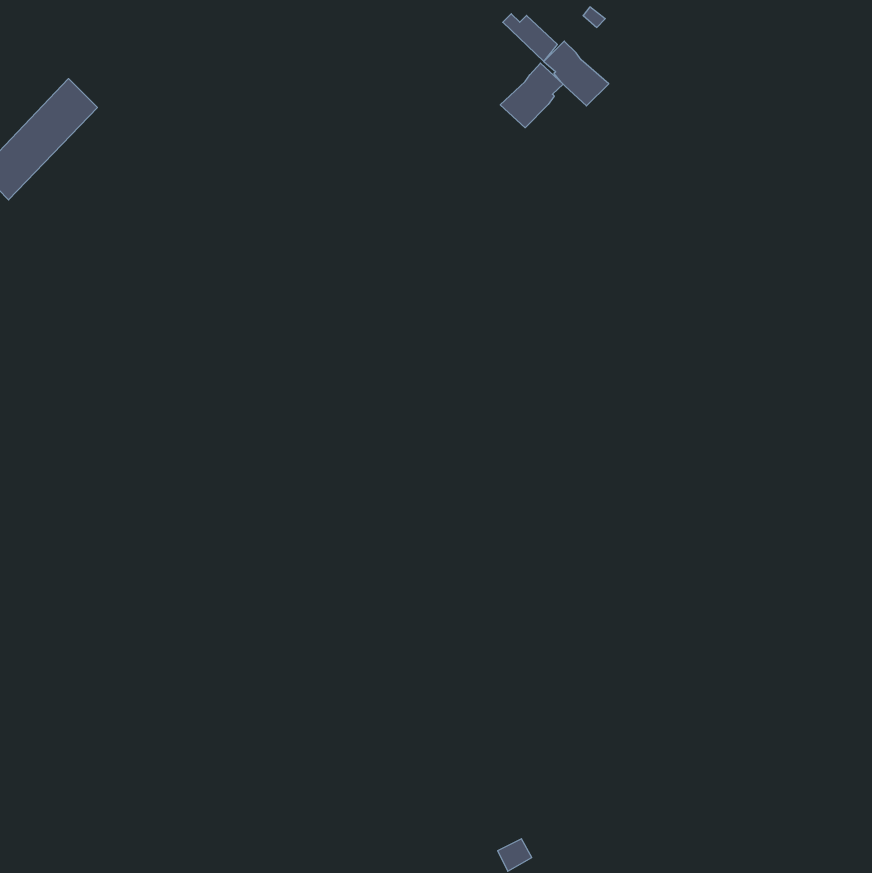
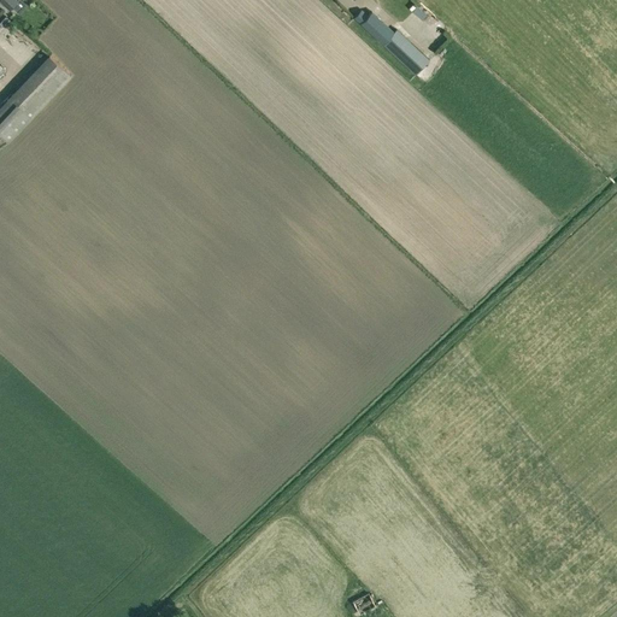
building: [500,63,563,128] -> none

